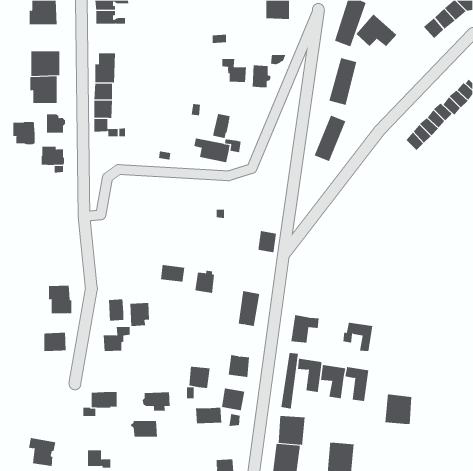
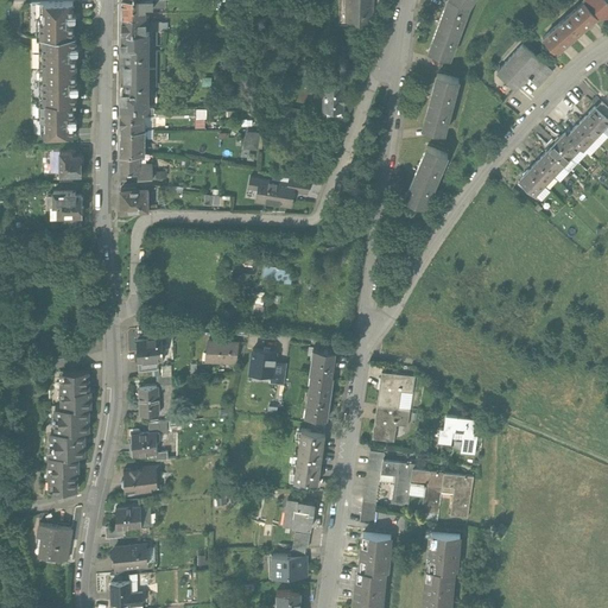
building: [356,14,397,47] -> [500,44,553,87]
building: none -> [122,33,148,70]
building: none -> [39,34,77,68]
building: [222,58,246,83] -> none
building: [213,113,230,139] -> none
building: [13,121,35,145] -> none
building: none -> [120,185,146,209]
building: [258,231,277,253] -> [310,350,335,379]
building: none -> [378,372,414,410]
building: [130,303,150,327] -> [138,338,164,369]
building: none -> [58,405,88,430]
building: none -> [52,452,82,489]
building: [188,366,211,388] -> [296,432,324,461]
building: [142,392,171,411] -> [121,467,158,492]
building: [385,394,412,425] -> [425,533,461,572]
building: [195,407,222,424] -> [272,556,306,577]
building: [130,421,158,437] -> [112,544,147,565]
building: [28,438,56,466] -> [37,521,72,558]

